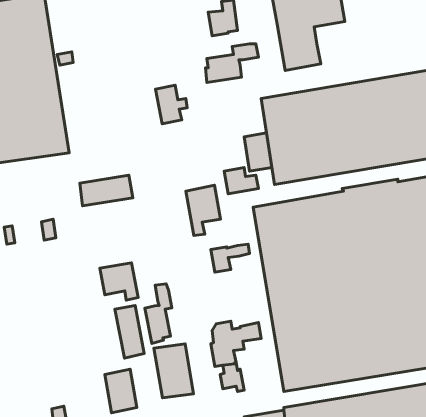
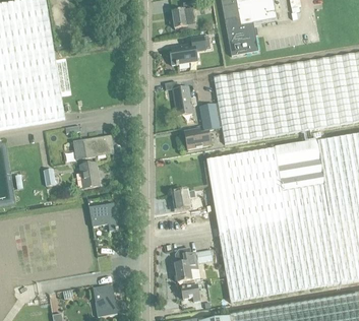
building: [155,85,187,124] -> [172,85,196,115]
building: [186,185,220,236] -> none
building: none -> [79,162,100,189]
building: [145,284,172,344] -> none
building: [115,306,144,358] -> none
building: [154,344,194,398] -> none

